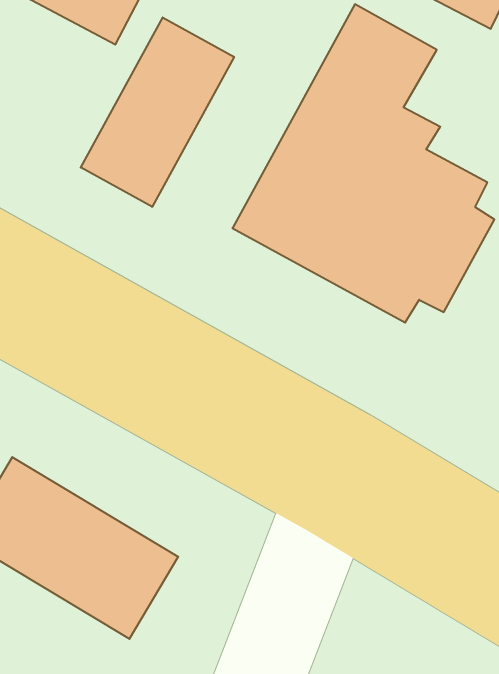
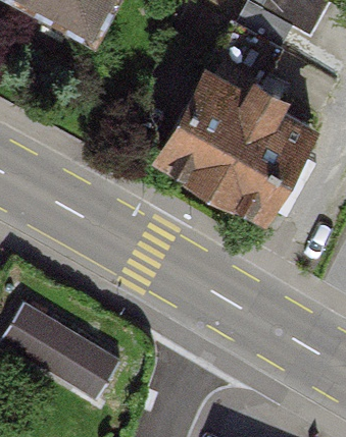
building: [81,17,234,207] -> none

